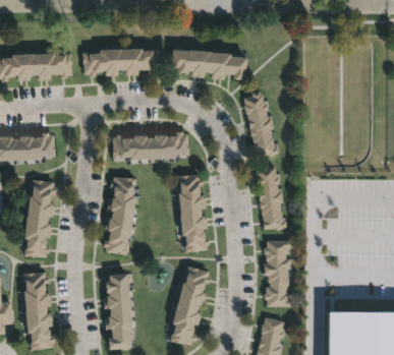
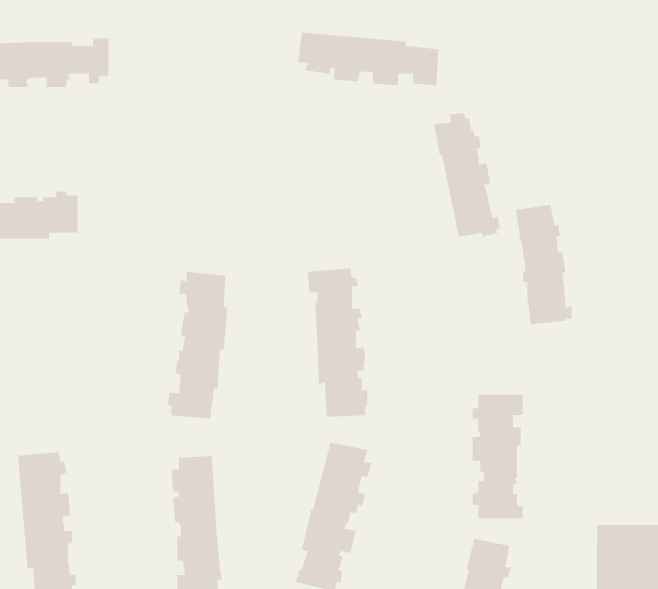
building: [81,48,160,75] -> none
building: [112,131,188,159] -> none
building: [256,167,286,231] -> [515,204,572,325]
building: [23,180,56,258] -> none

